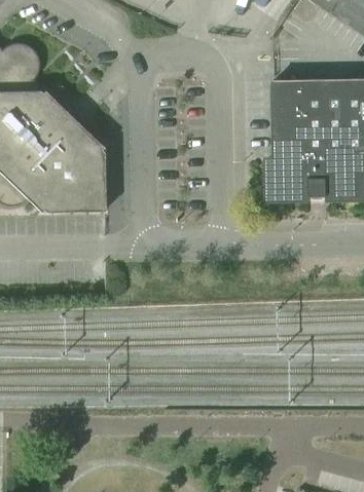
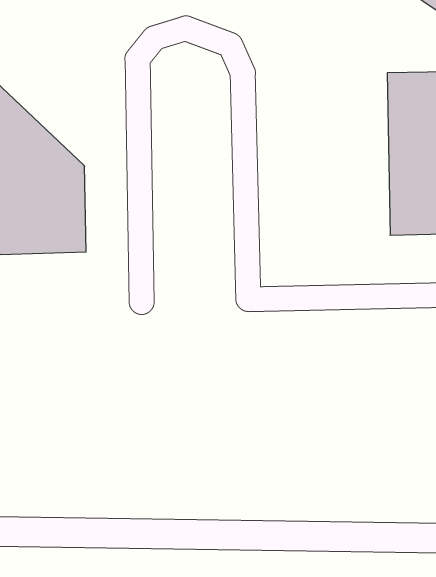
building: [266,78,328,199] -> none

